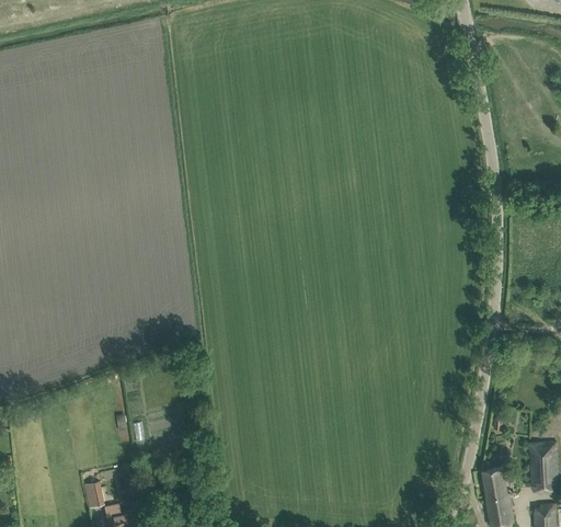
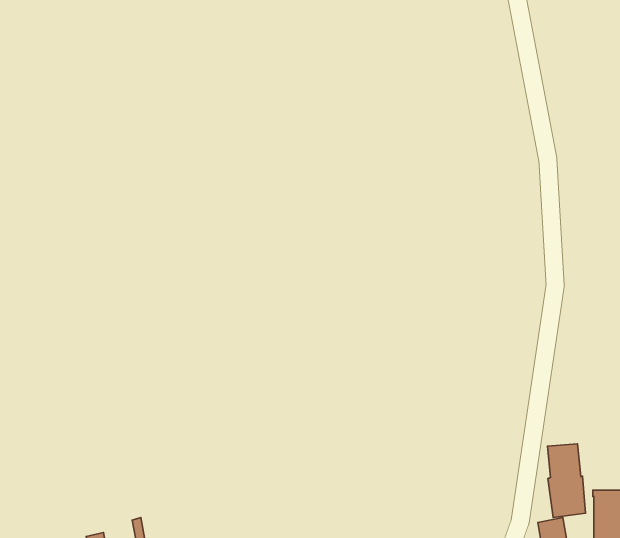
building: none -> [547,444,586,518]

